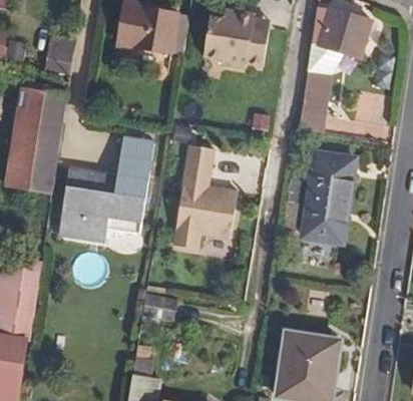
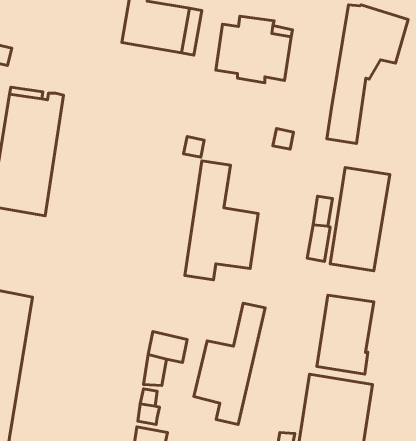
building: [43,35,76,74] -> none
building: [59,139,153,243] -> none
building: none -> [317,295,374,374]
building: none -> [194,303,265,424]

